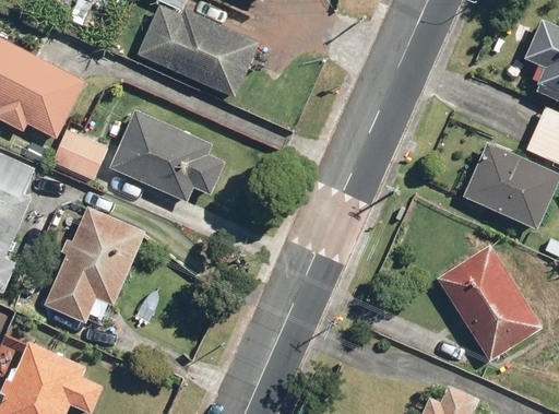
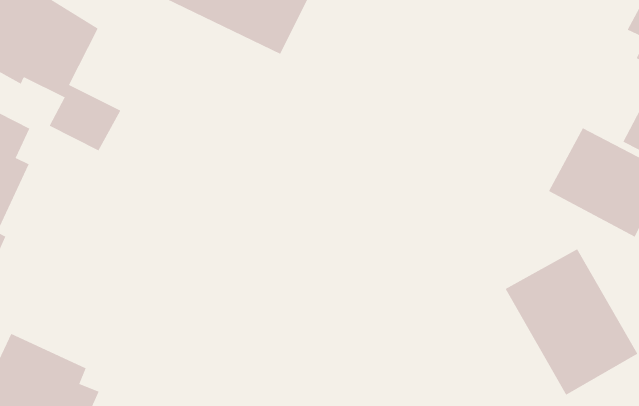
building: [108,107,227,203] -> none
building: [46,205,142,322] -> none

